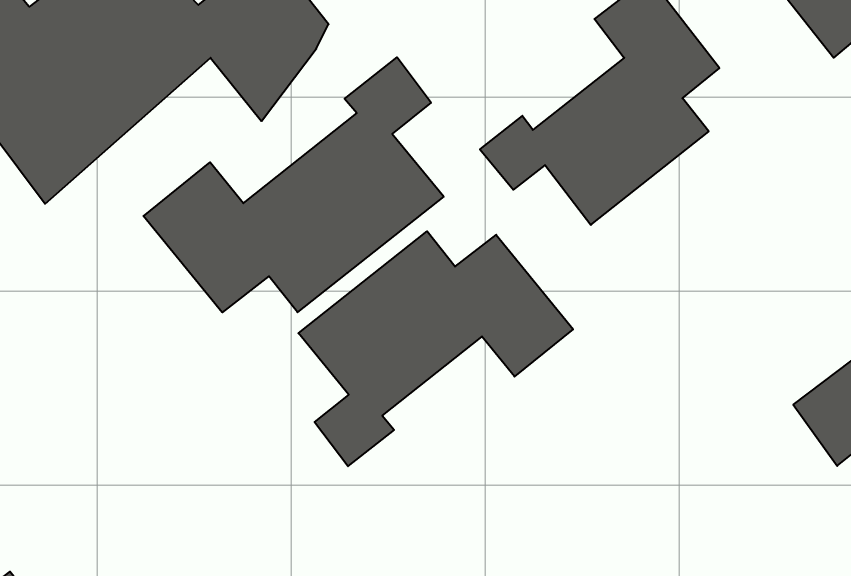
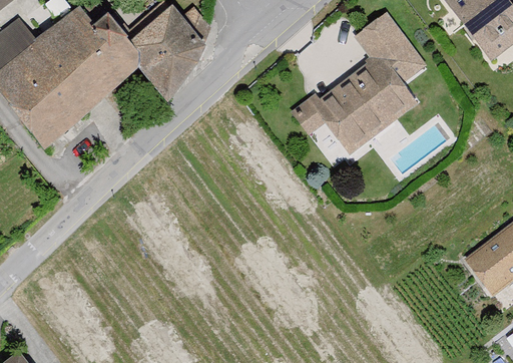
building: [143,57,444,312] -> none
building: [298,231,573,466] -> none

